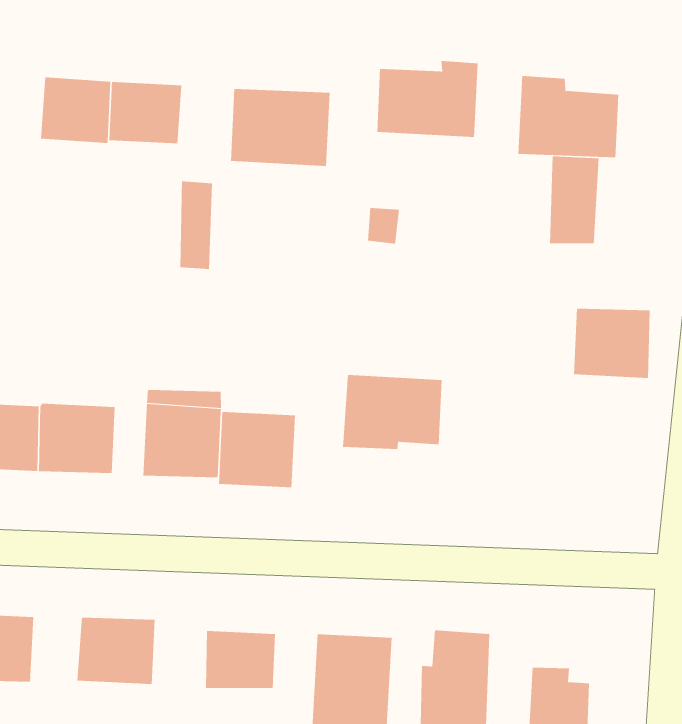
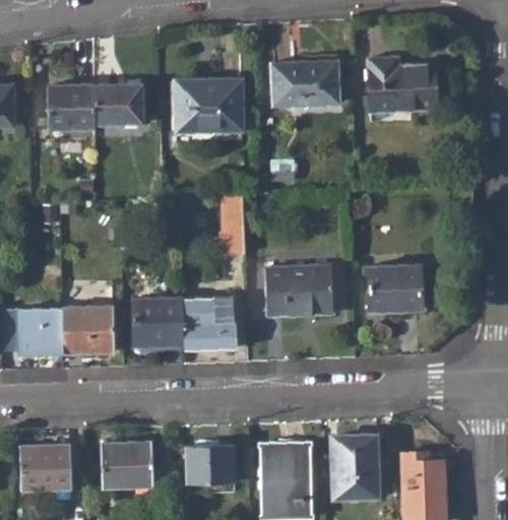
building: [550,155,599,244] -> none
building: [180,181,213,270] -> [220,199,244,257]
building: [573,308,651,378] -> [369,268,421,315]

